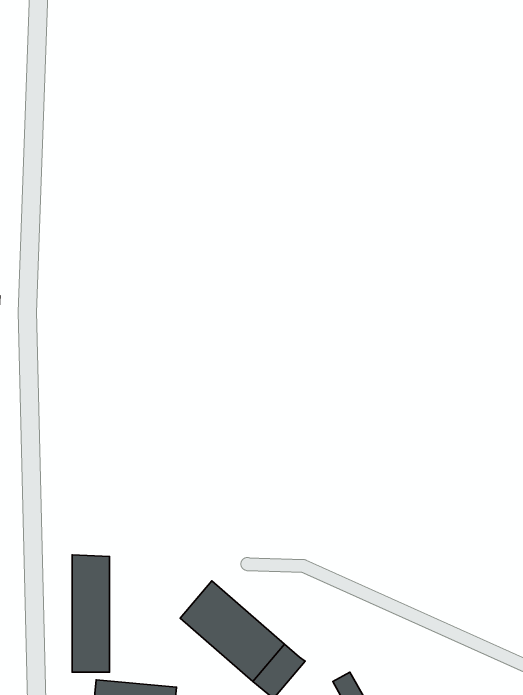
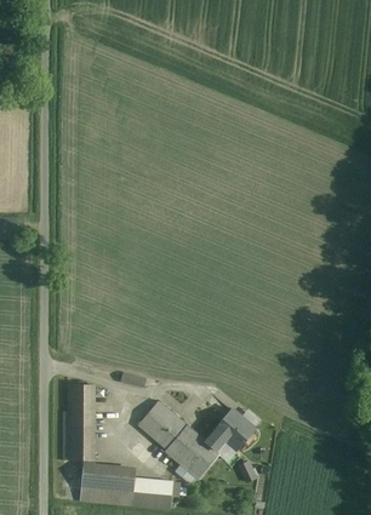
building: none -> [205,408,255,451]

